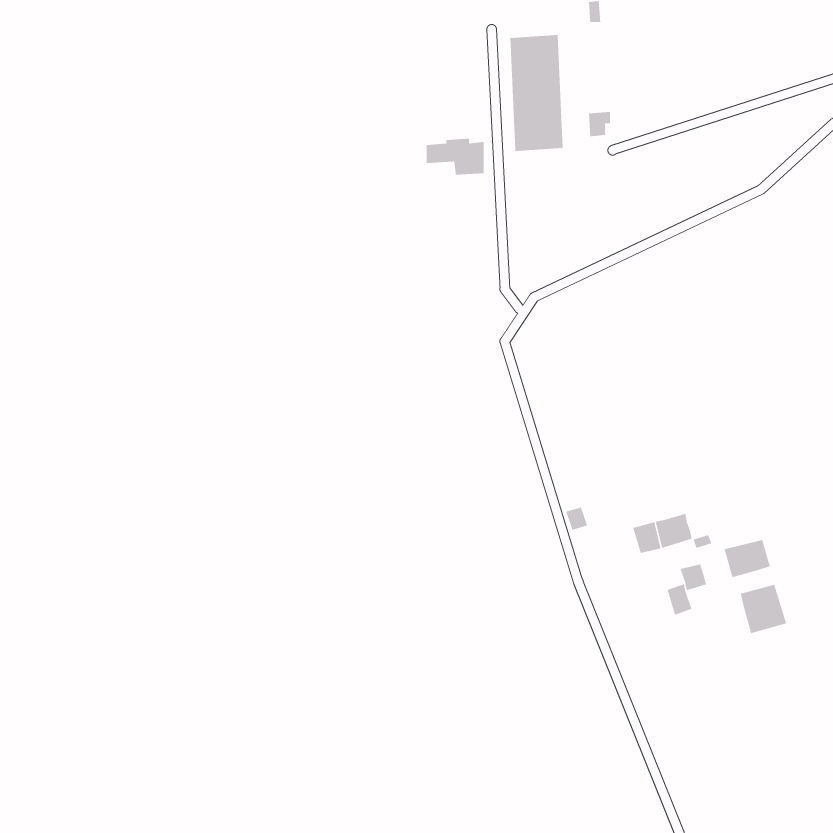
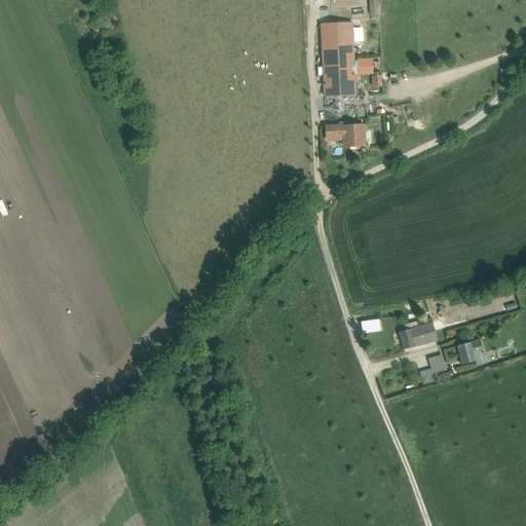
building: [426,138,485,175] -> [327,122,364,146]
building: [740,584,787,634] -> none

